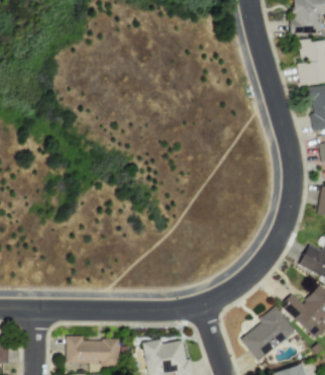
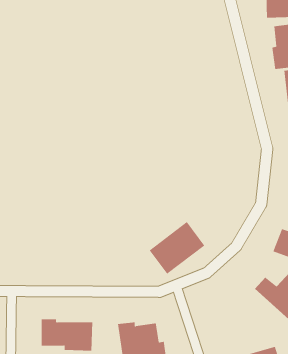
building: [239,308,296,362] -> [149,221,205,275]

